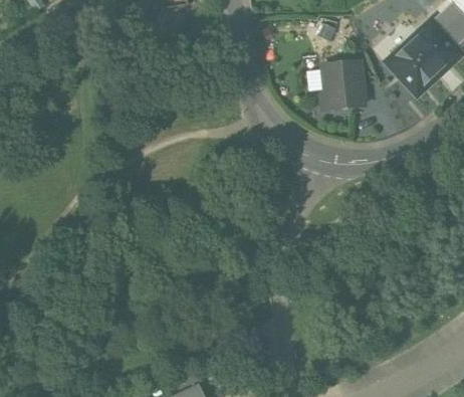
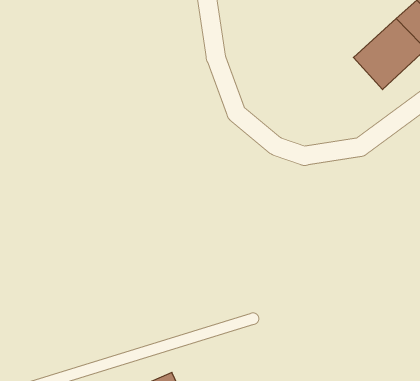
building: [319,61,364,108] -> none

